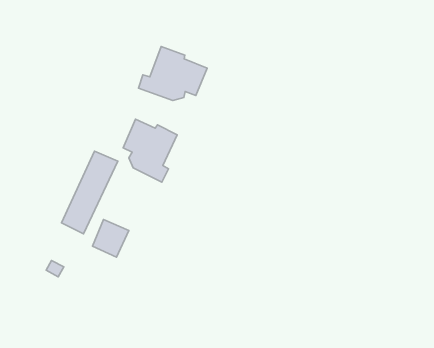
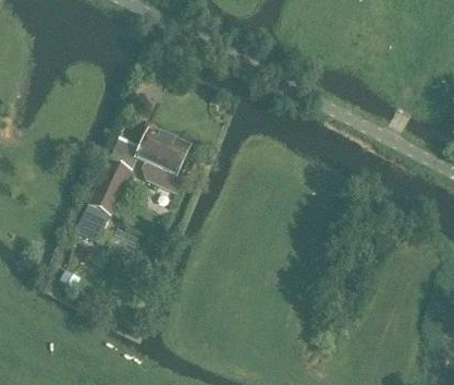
building: [138,47,207,101] -> none

